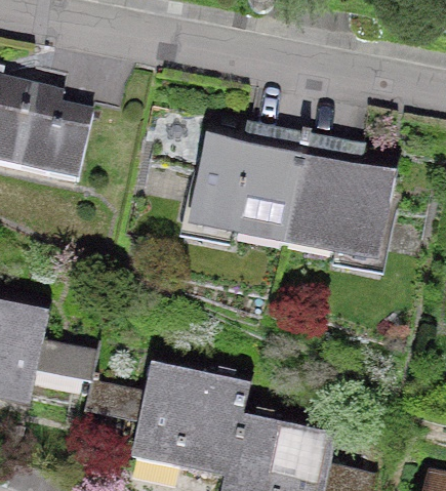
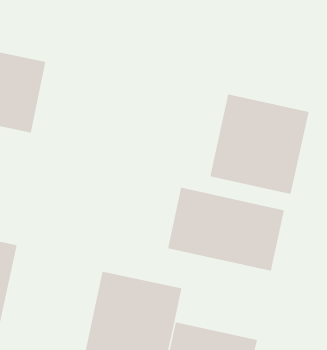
building: [193,121,301,239] -> none
building: none -> [168,187,285,271]

